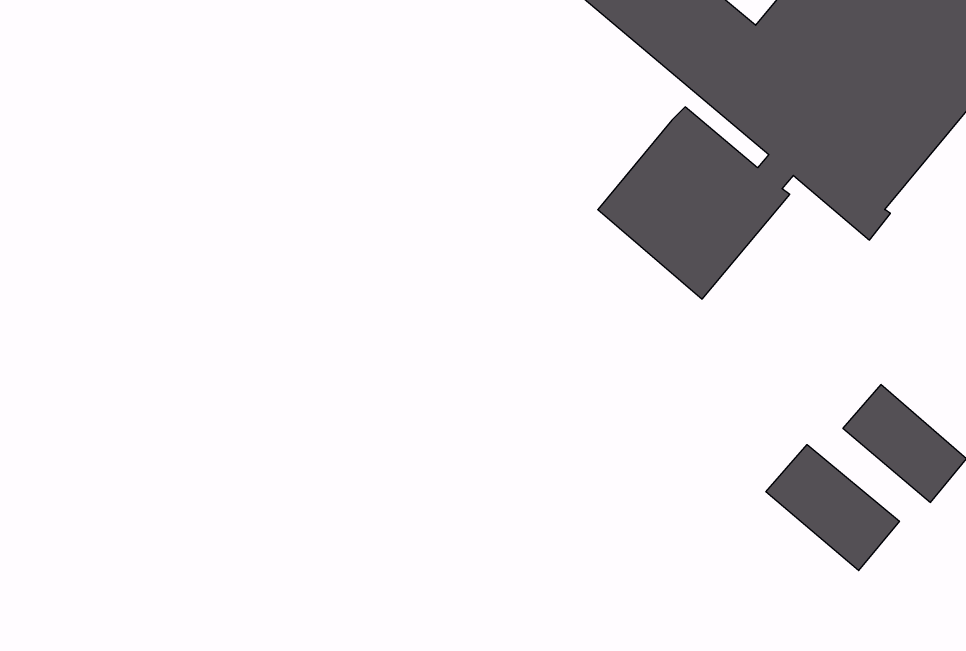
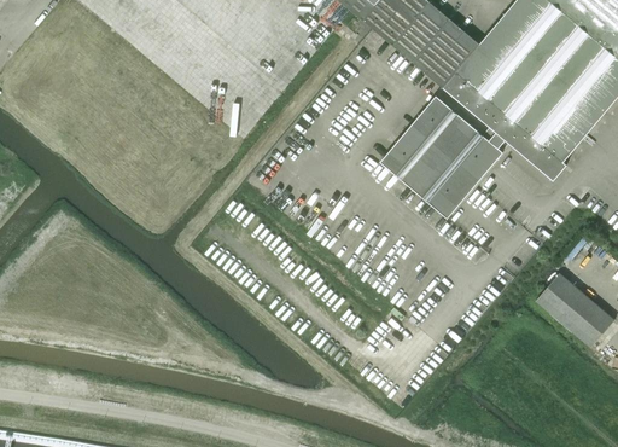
building: [766,445,899,571] -> none

